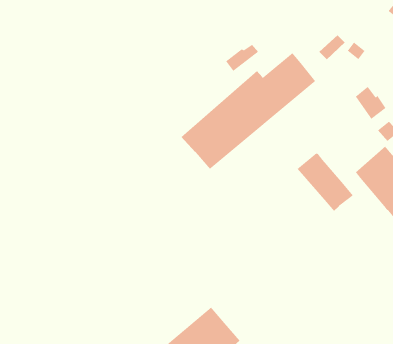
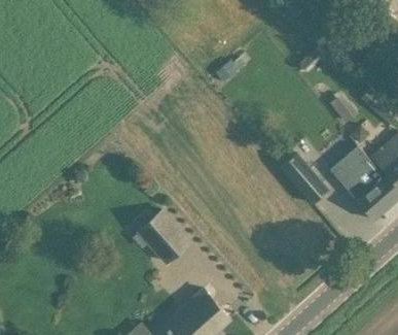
building: [181,52,316,170] -> none
building: none -> [134,205,190,263]

